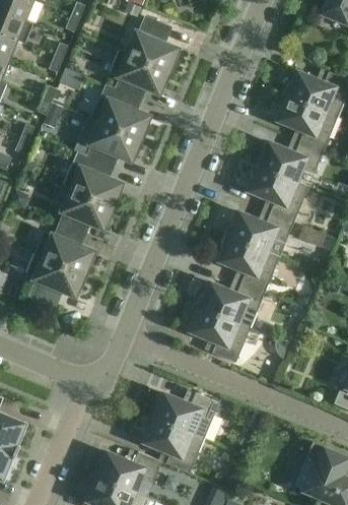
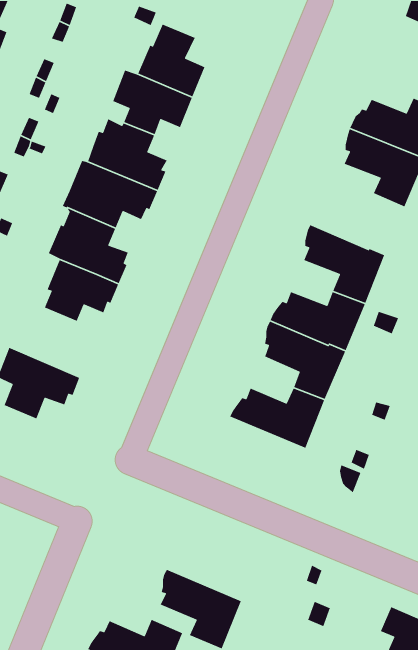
building: [254,141,323,182] -> none
building: [34,225,93,275] -> none
building: [191,304,251,363] -> none
building: [149,393,219,438] -> none

